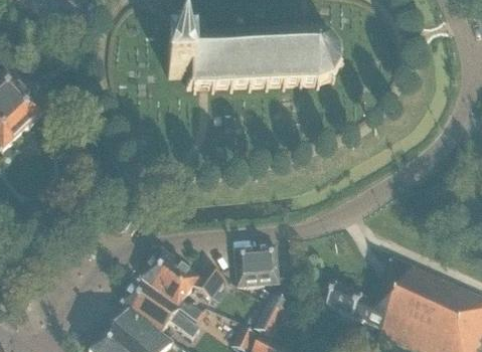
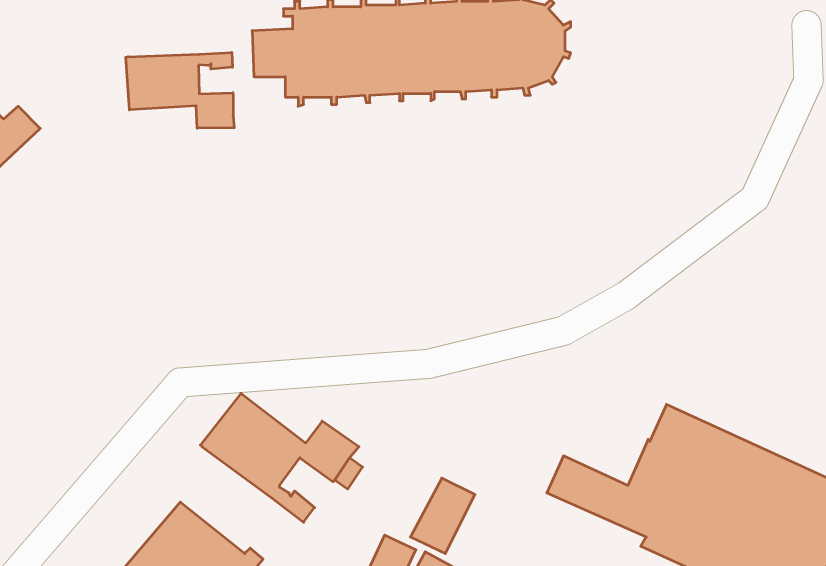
building: none -> [126,52,234,128]
building: [233,243,277,284] -> none
building: [120,279,198,335] -> none

